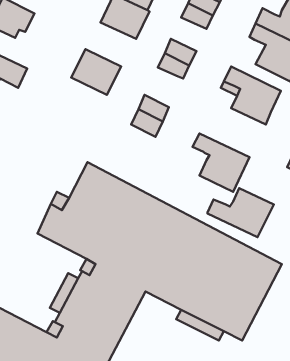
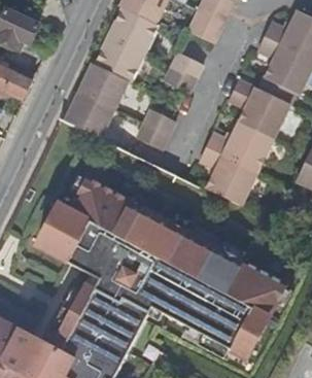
building: none -> [94,35,143,80]
building: none -> [64,91,113,137]
building: [208,188,274,237] -> [207,122,274,171]

